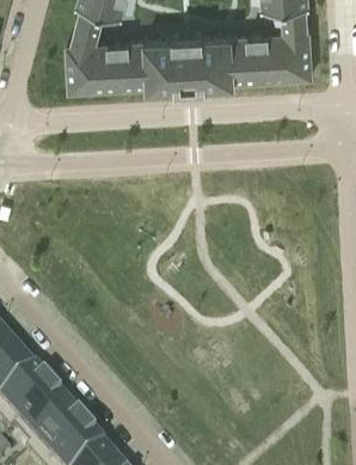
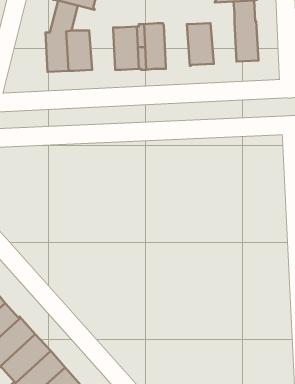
building: [256,36,286,84] -> none
building: [202,38,232,87] -> none
building: [116,44,146,91] -> none

